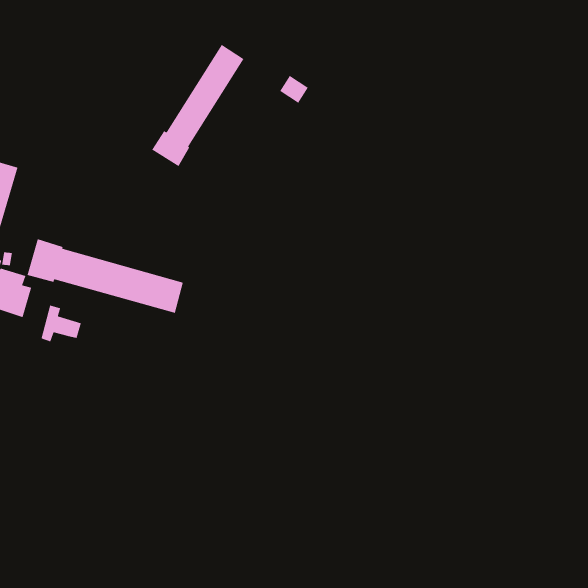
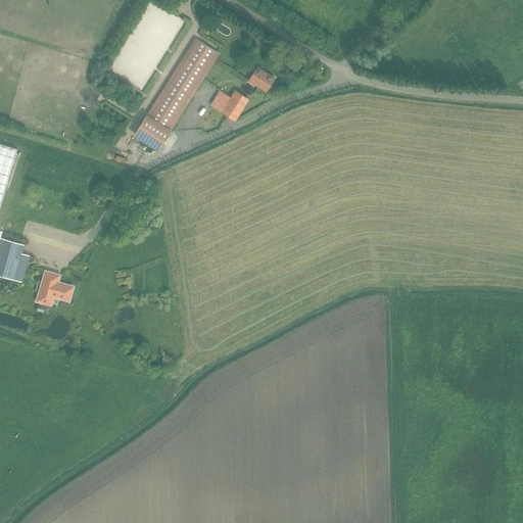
building: none -> [221,91,247,121]
building: [27,238,184,314] -> none

